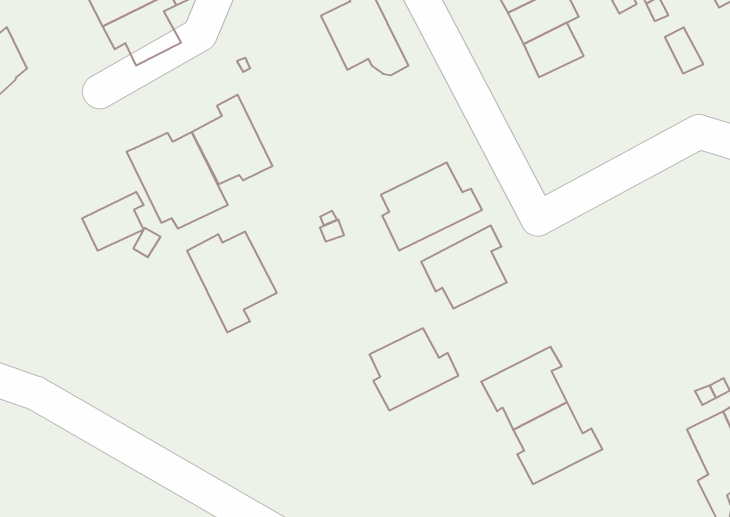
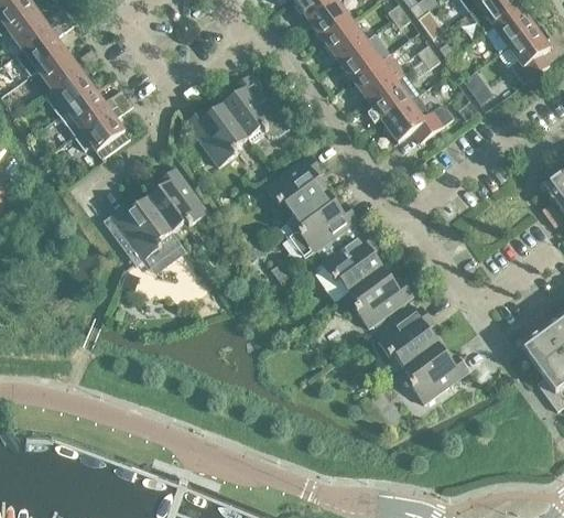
building: none -> [186,104,248,165]
building: none -> [381,95,452,141]
building: none -> [265,154,327,215]
building: [82,192,144,251] -> none
building: [187,231,277,333] -> none
building: [369,328,458,410] -> [348,267,412,327]

